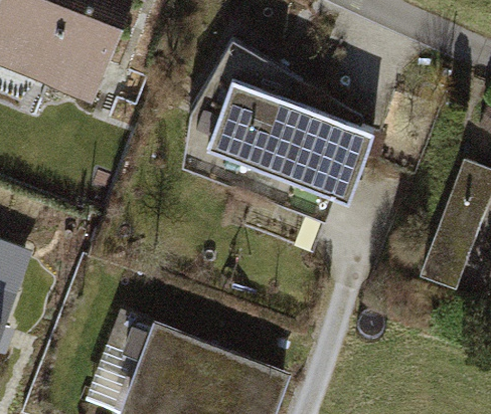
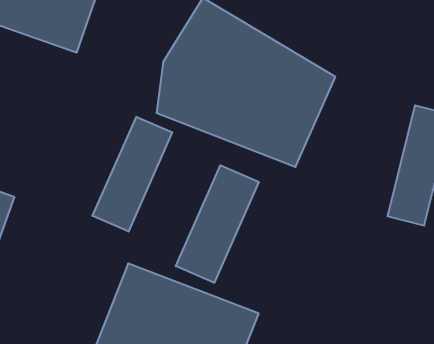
building: none -> [92,117,172,232]
building: none -> [176,165,259,283]

